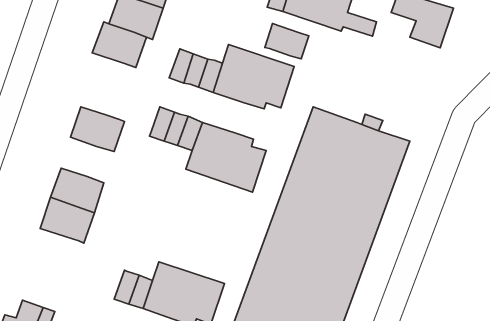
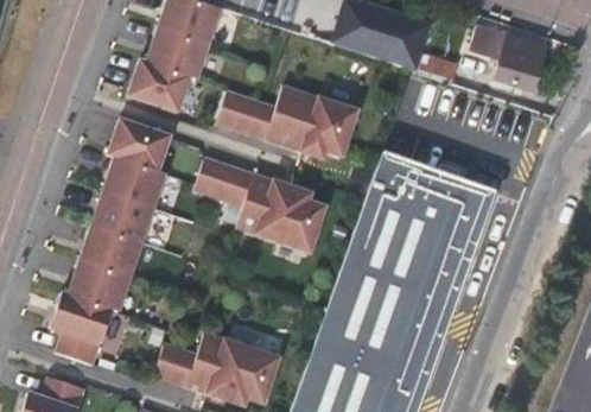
building: [265,23,309,59] -> none
building: none -> [109,119,172,170]
building: none -> [94,190,154,242]
building: none -> [51,292,114,365]

